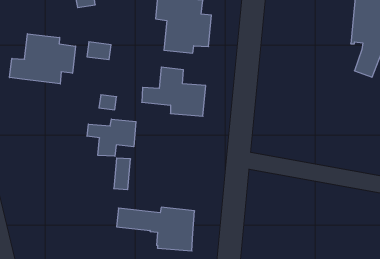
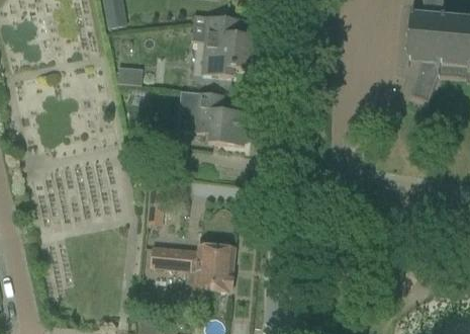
building: [10,34,76,84] -> none
building: [87,119,136,156] -> none

